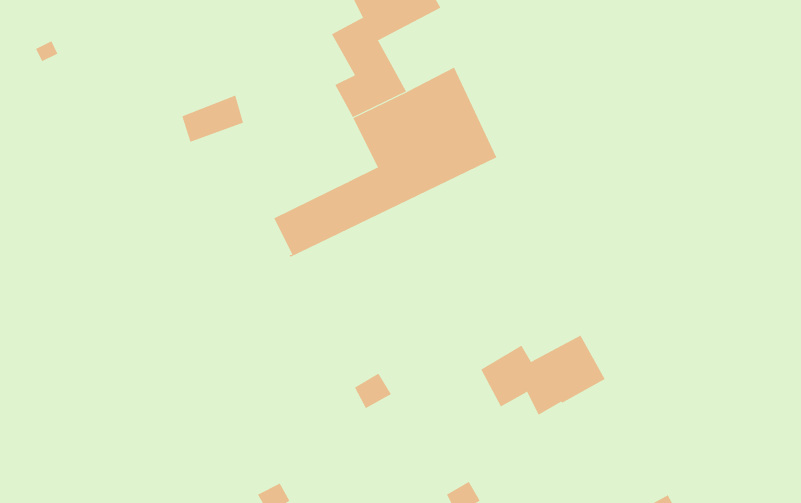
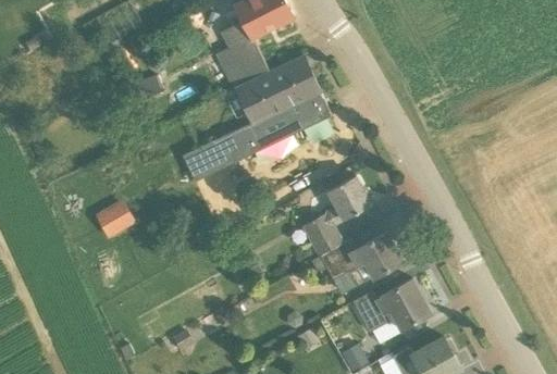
building: none -> [302,175,371,254]
building: none -> [96,201,132,235]
building: none -> [352,278,431,332]

